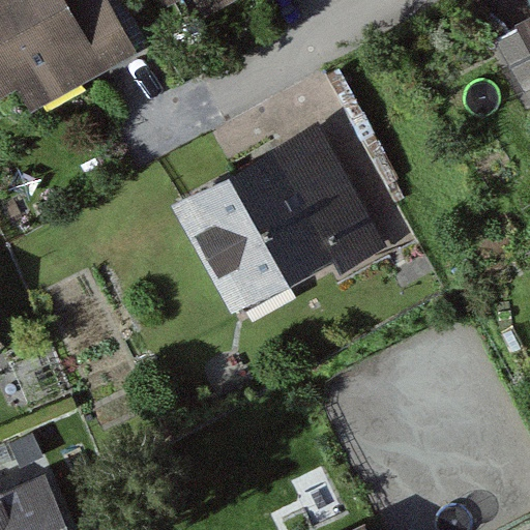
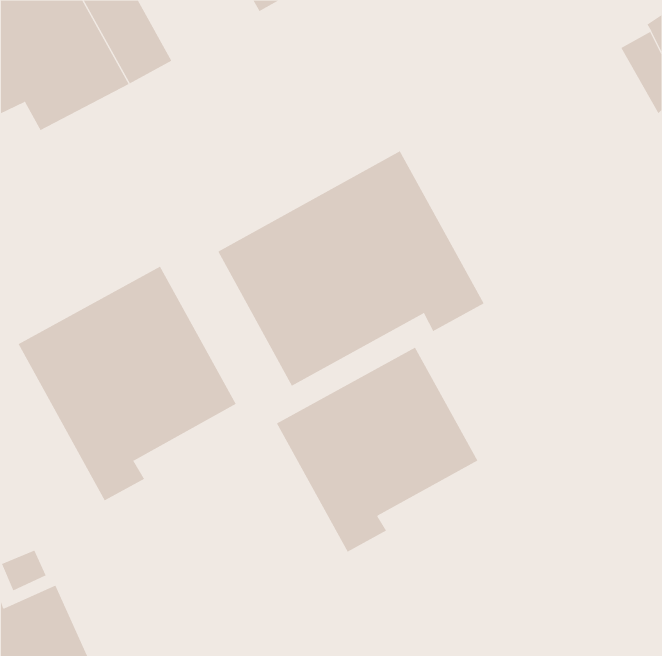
building: none -> [18,266,237,501]
building: none -> [276,347,478,553]

